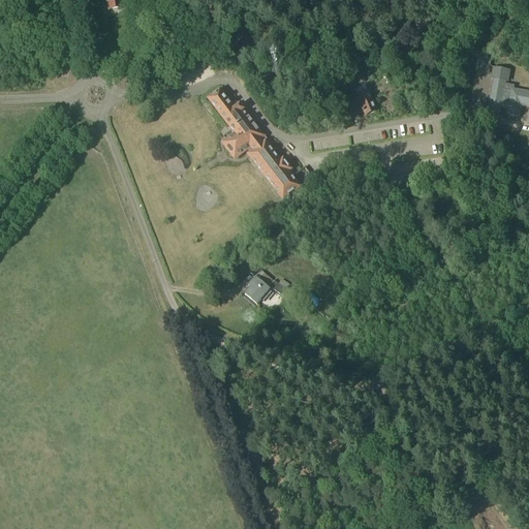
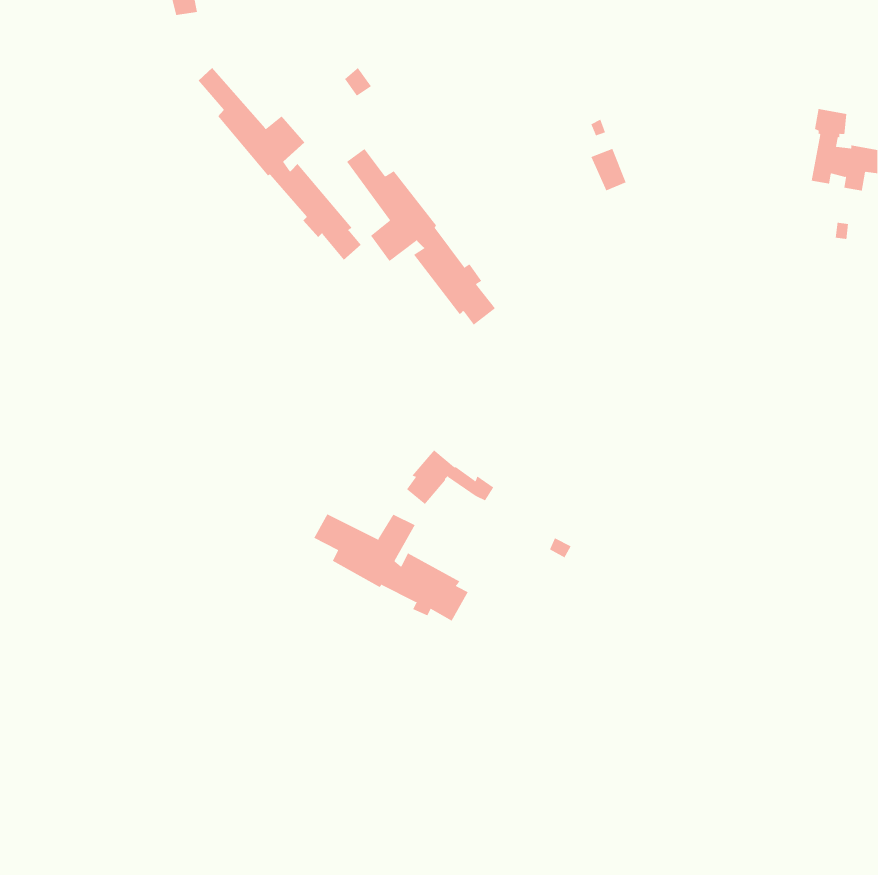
building: none -> [198,67,362,260]
building: none -> [314,513,469,621]

